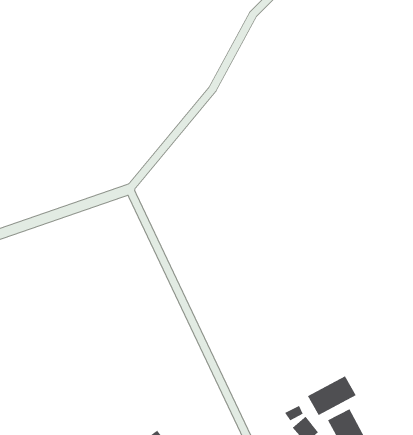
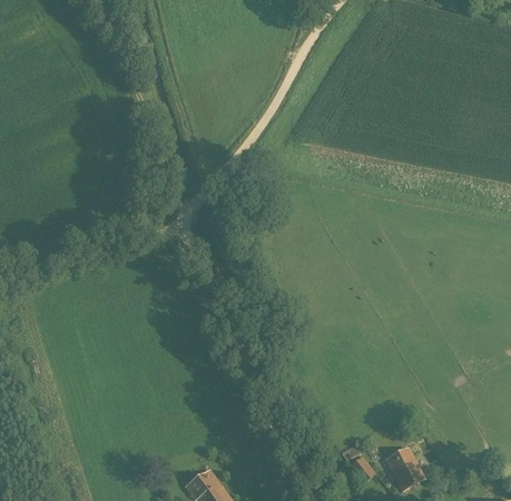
building: [307,375,356,416] -> none

